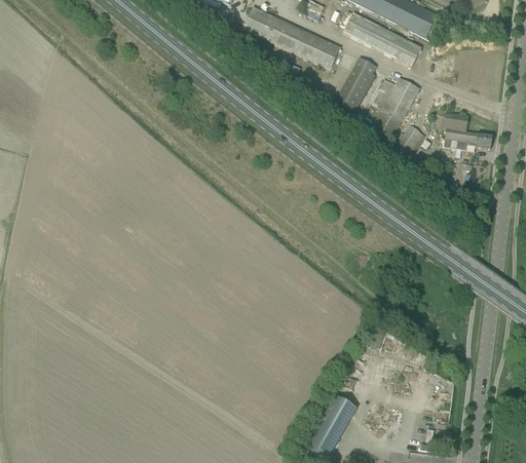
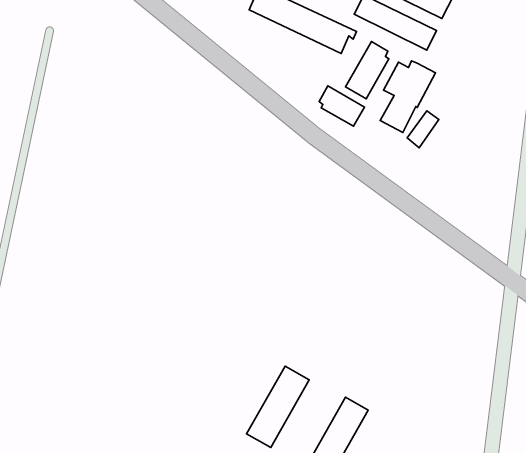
building: none -> [319,86,364,126]
building: [443,111,492,149] -> none
building: none -> [247,366,309,448]

